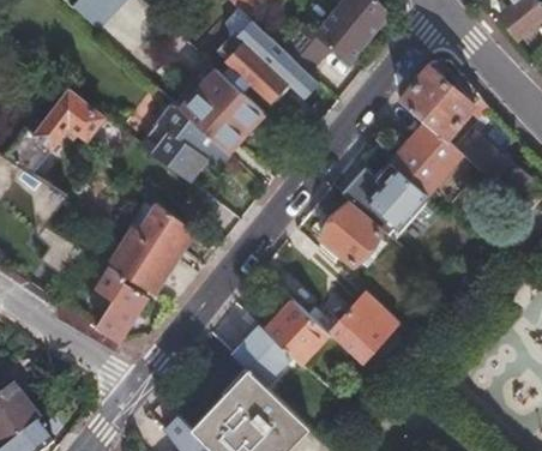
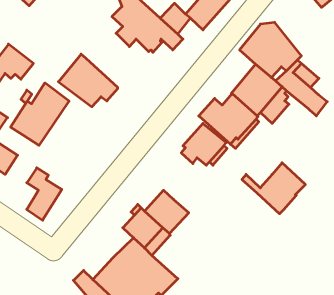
building: [180,70,263,152] -> none
building: [109,204,193,294] -> [11,83,69,145]
building: [306,289,397,362] -> [242,163,305,214]

